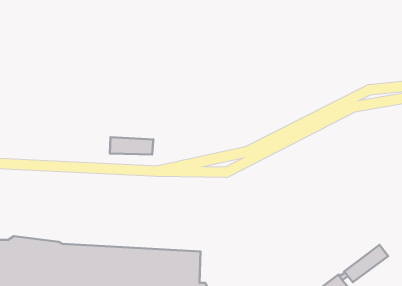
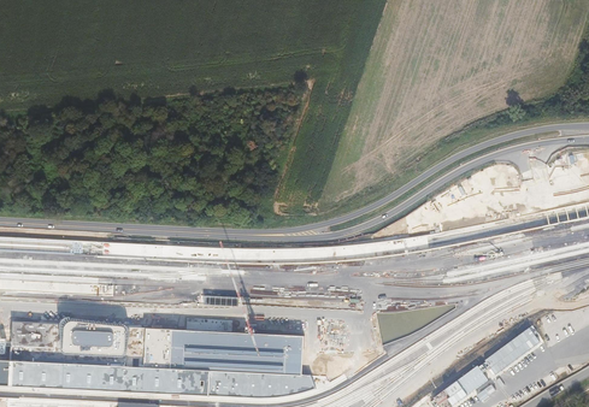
building: [110,137,153,155] -> none

